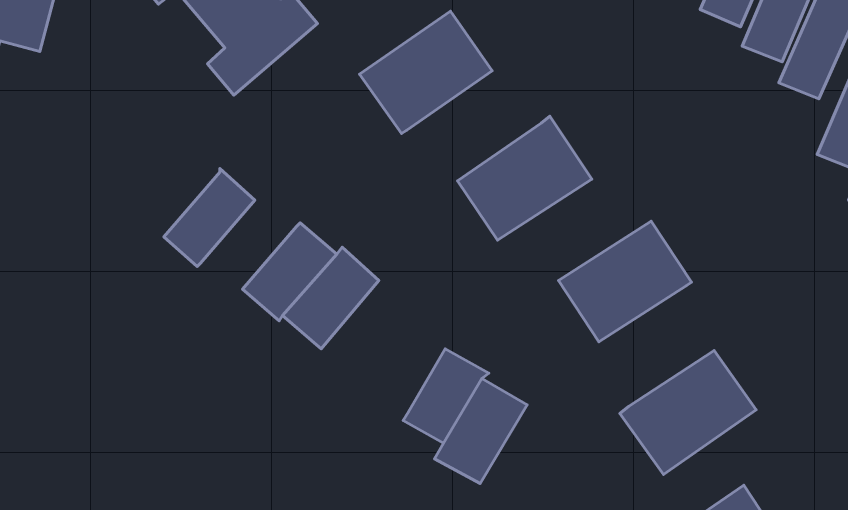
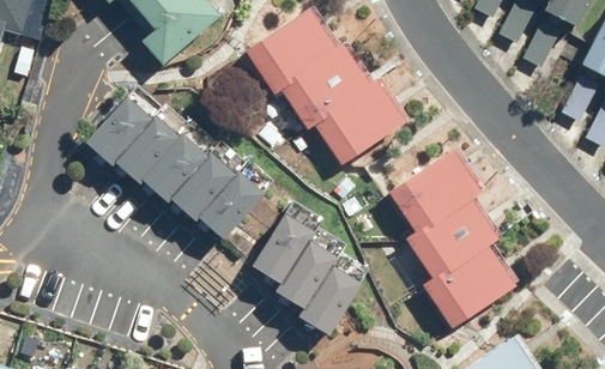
building: none -> [280,44,373,129]
building: none -> [84,96,152,164]
building: none -> [139,134,205,202]
building: none -> [406,196,498,279]
building: none -> [252,212,314,283]

